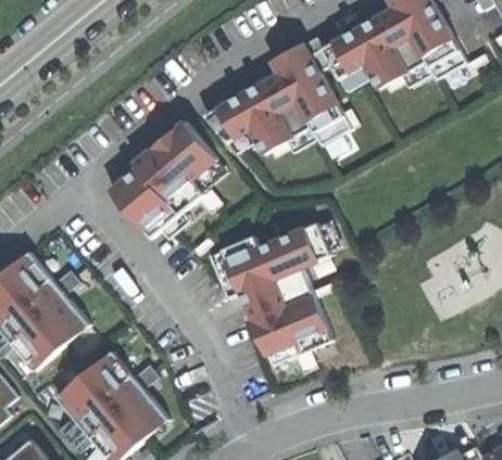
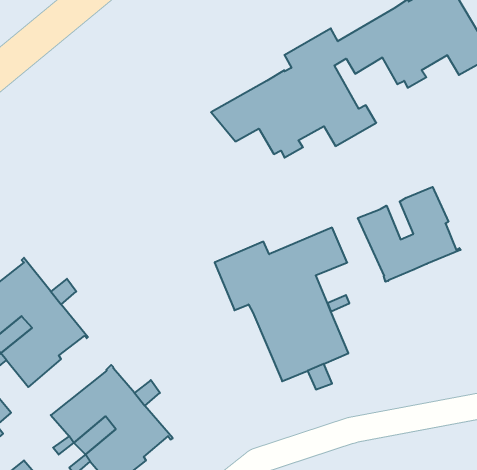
building: [109,119,215,237] -> none
building: none -> [358,187,461,282]

